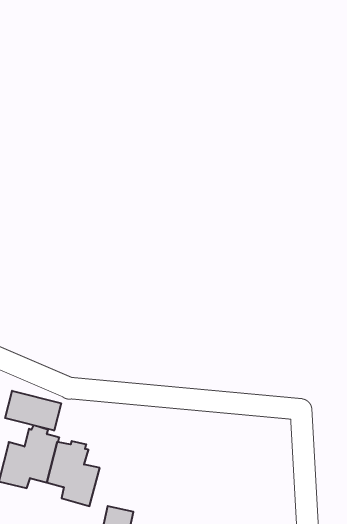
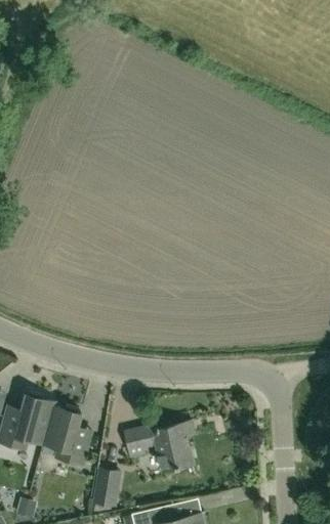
building: [5,391,61,431] -> none
building: none -> [125,423,192,473]

